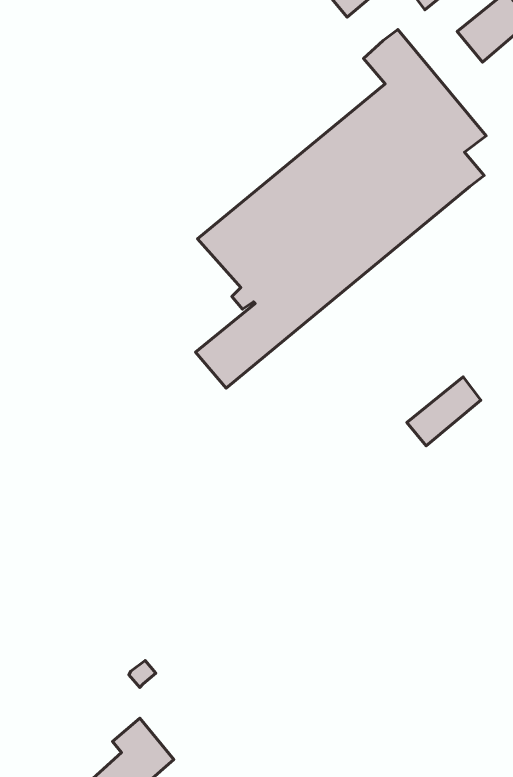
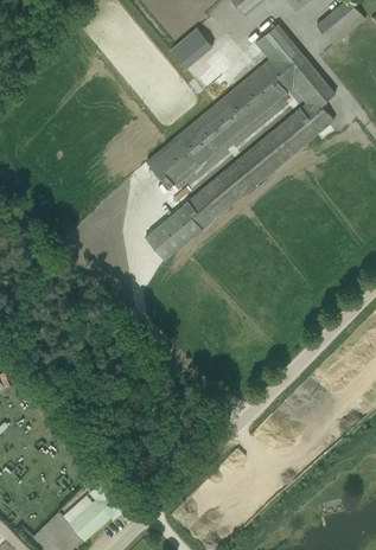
building: none -> [170,26,214,69]
building: [407,377,481,446] -> none

